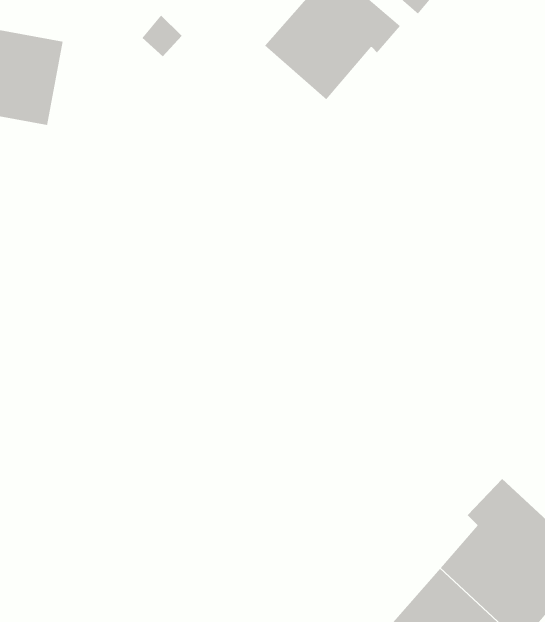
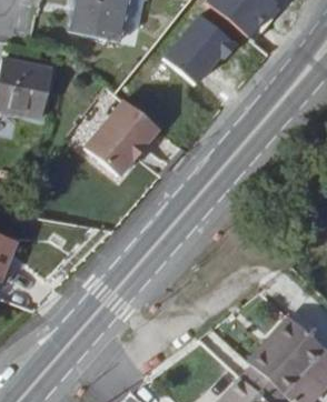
building: none -> [85,93,157,169]

